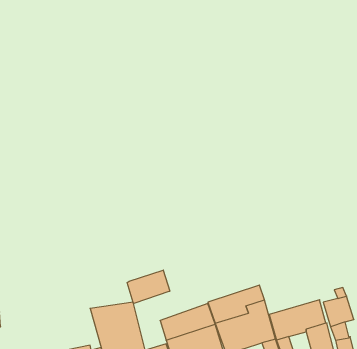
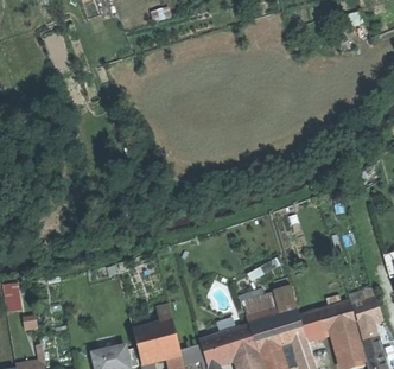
building: [127,270,170,304] -> none

